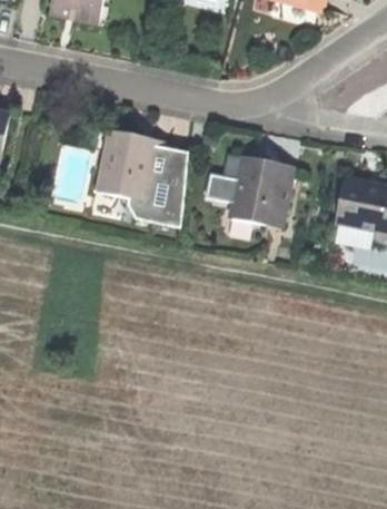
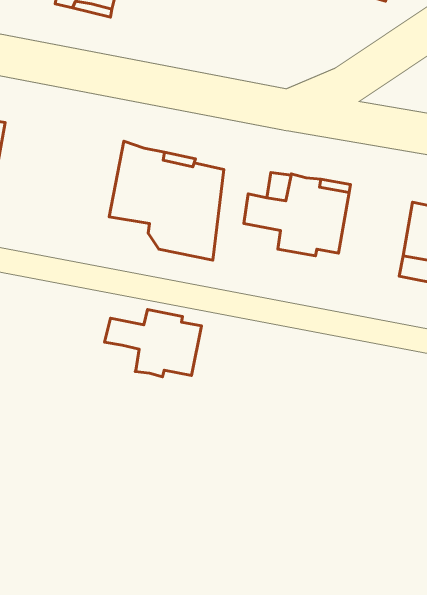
building: none -> [104,310,201,377]

